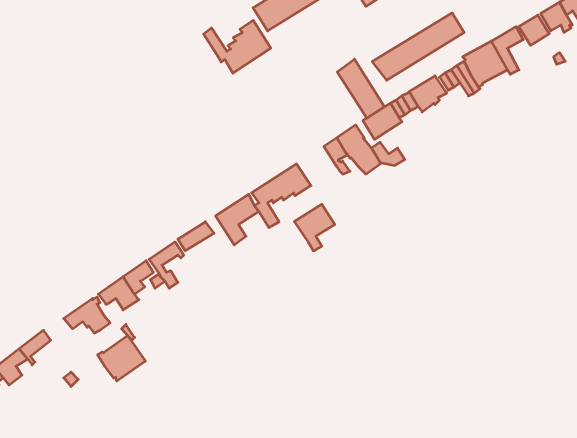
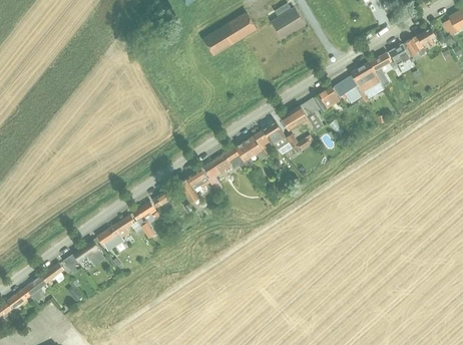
building: [372,13,464,80] -> none
building: [204,20,271,73] -> none
building: [337,59,384,118] -> none
building: [294,204,335,251] -> [234,135,262,167]
building: [98,335,145,381] -> none

